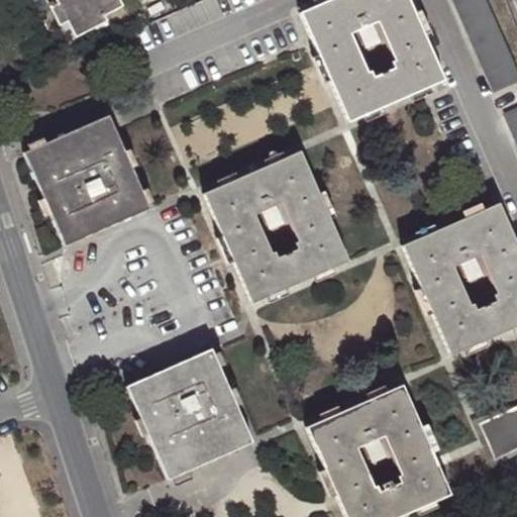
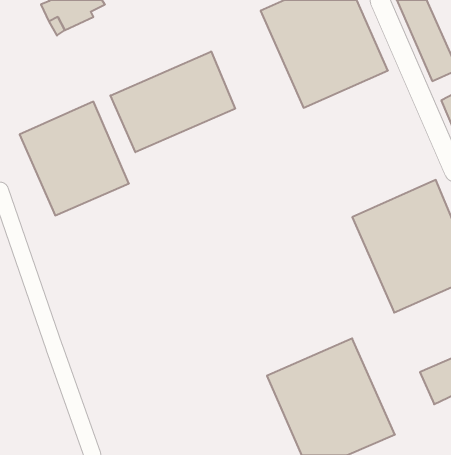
building: none -> [110,51,235,152]
building: [205,151,349,302] -> none
building: [128,349,252,478] -> none

